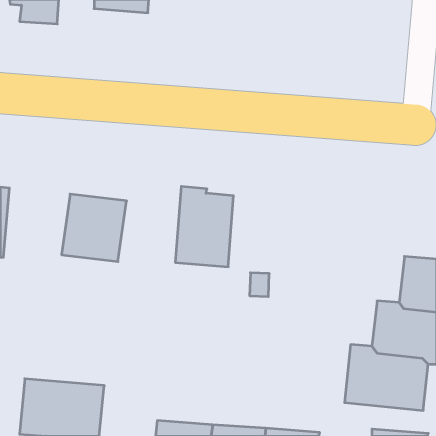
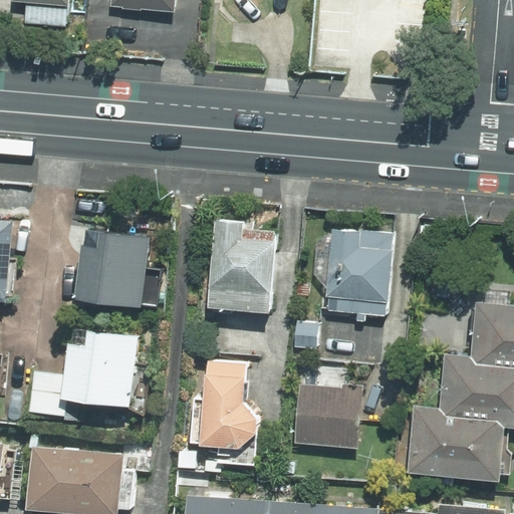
building: none -> [324,228,394,317]
building: none -> [29,329,138,417]
building: none -> [197,359,256,450]
building: none -> [294,382,362,448]

